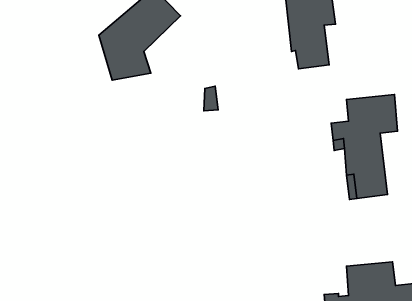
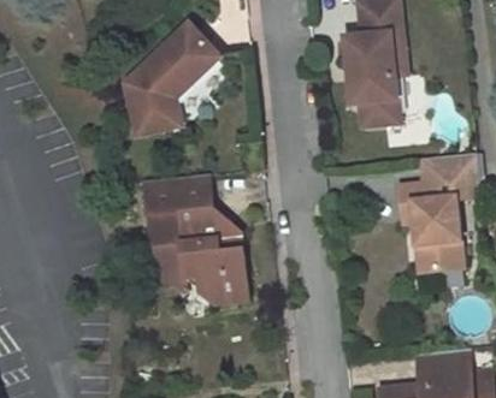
building: none -> [148,174,248,303]

